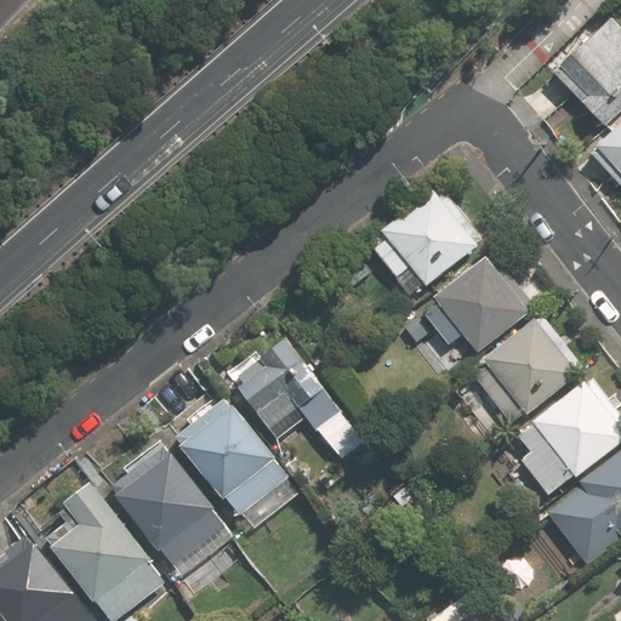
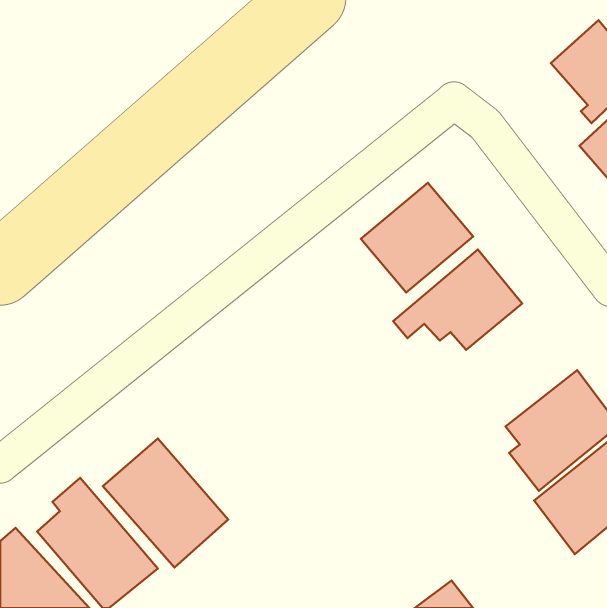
building: [467,318,576,427] -> none
building: [235,340,368,460] -> none
building: [169,397,284,514] -> none

